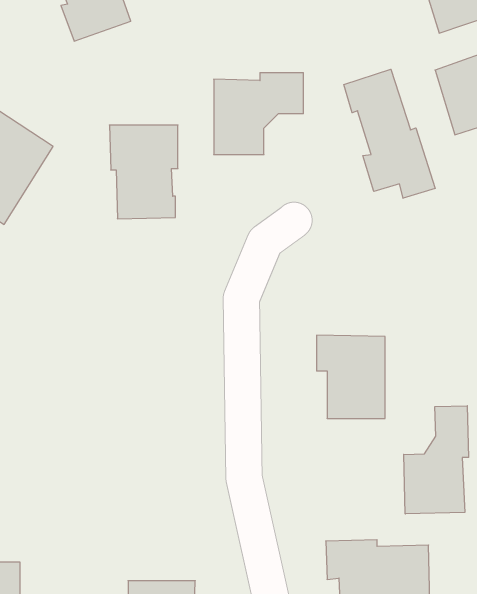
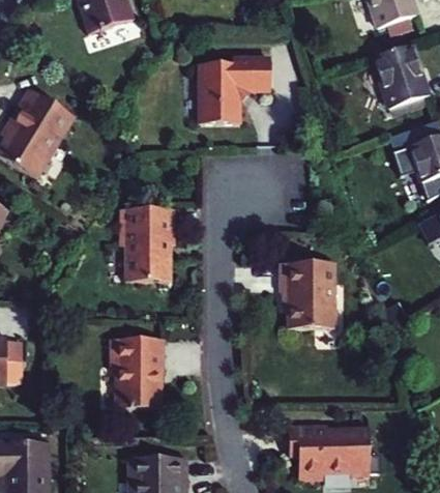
building: [344,69,435,198] -> none
building: [109,125,178,219] -> [120,208,174,282]
building: [404,406,469,514] -> none
building: none -> [111,338,165,408]

